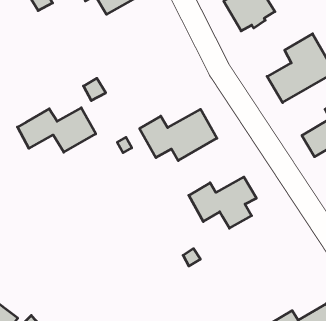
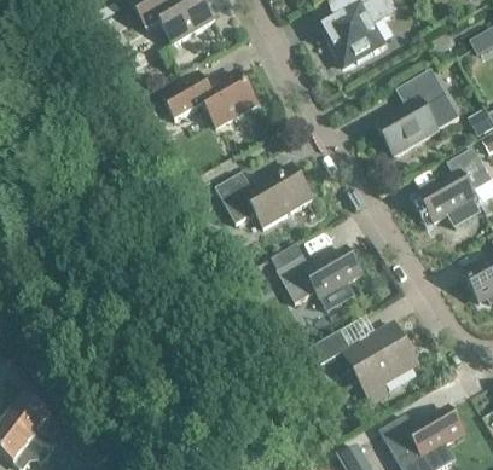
building: [17,108,96,152] -> [158,70,256,126]
building: none -> [307,321,417,401]

